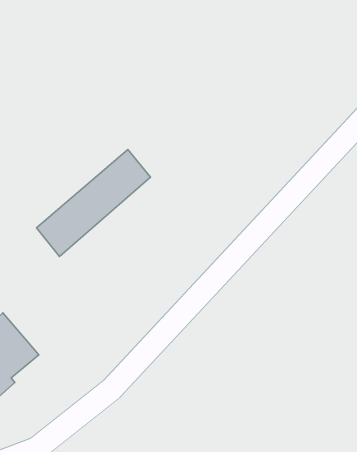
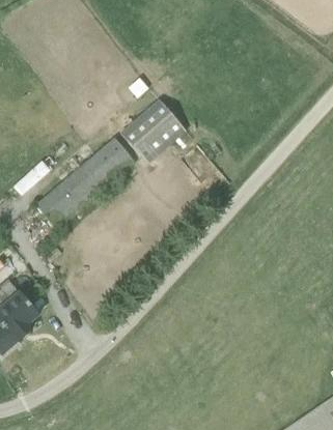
building: none -> [120,101,186,165]

